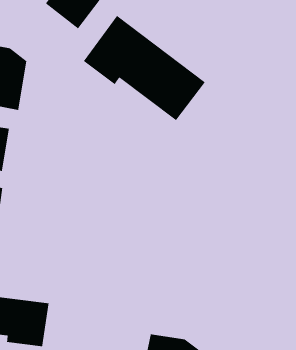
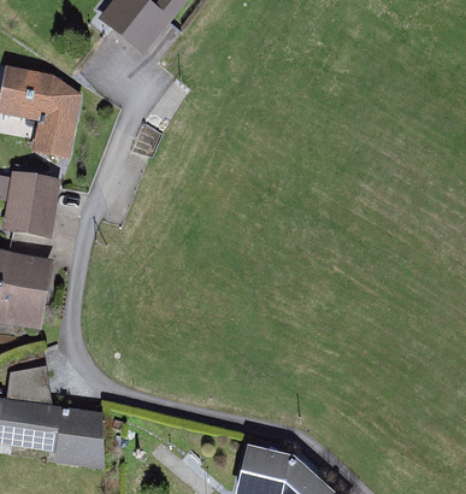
building: [83,15,206,121] -> none

